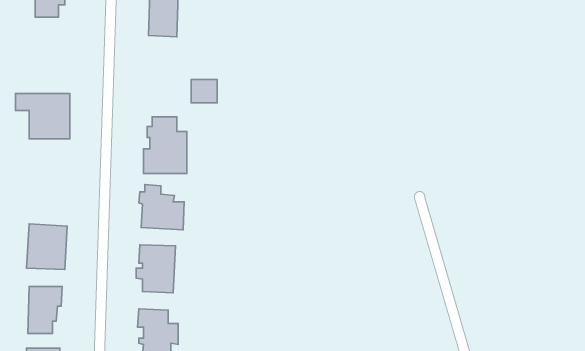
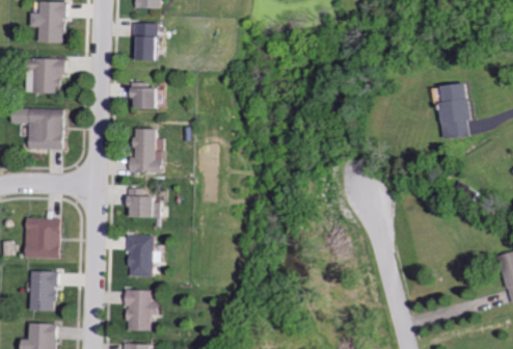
building: none -> [26,56,65,90]
building: none -> [441,85,475,141]
building: [191,79,217,103] -> [130,87,152,107]

